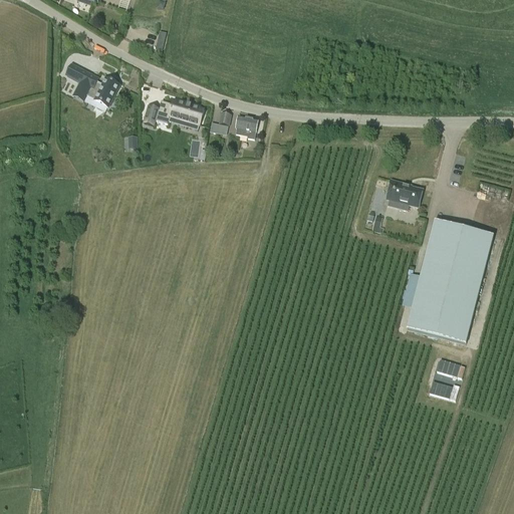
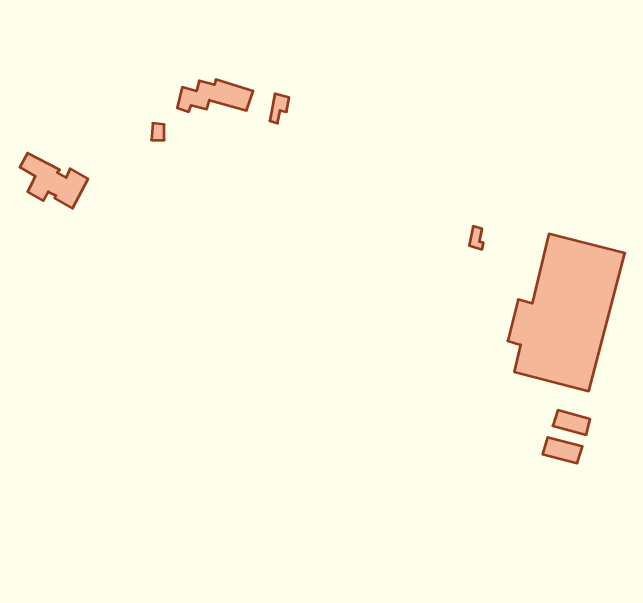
building: [66,64,119,107] -> [20,153,88,208]
building: [235,114,257,138] -> none
building: [387,179,422,209] -> none

